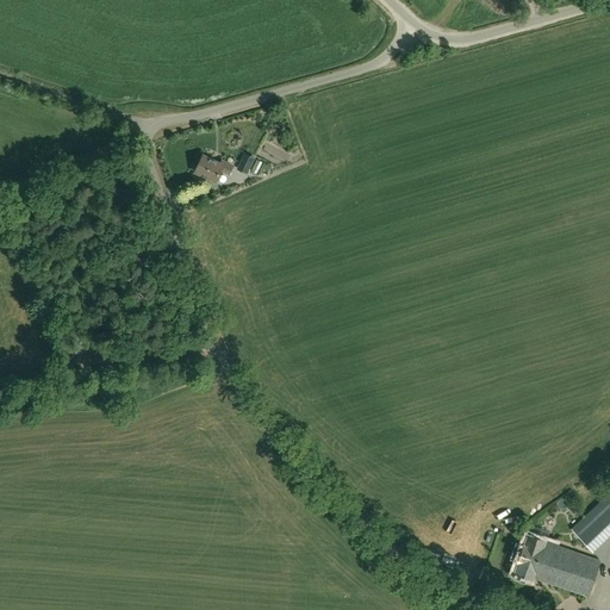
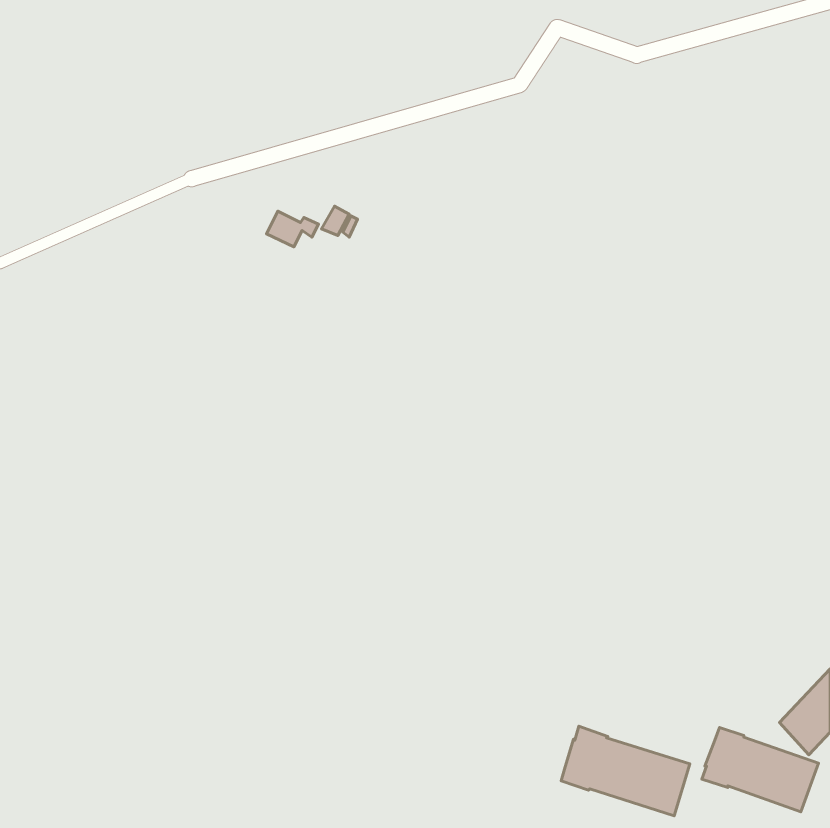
building: none -> [561,726,690,816]

